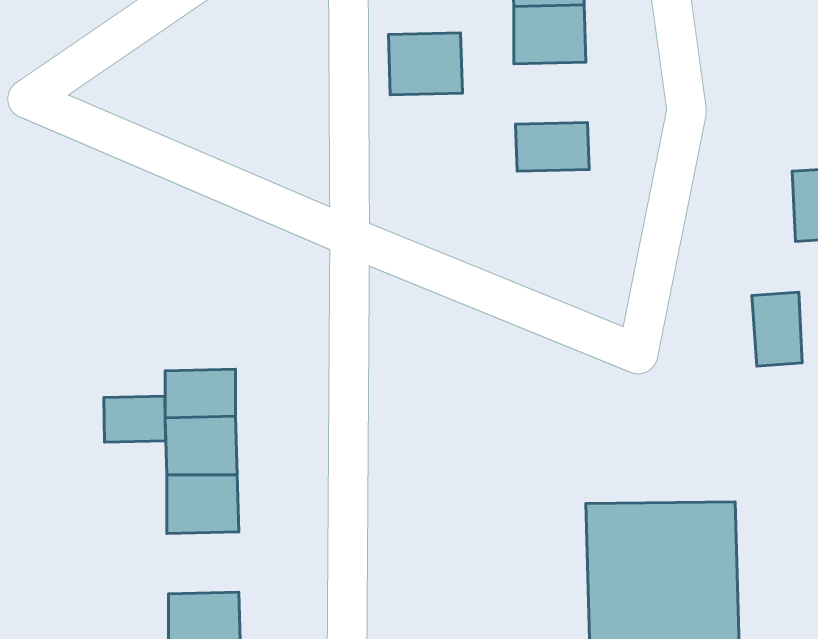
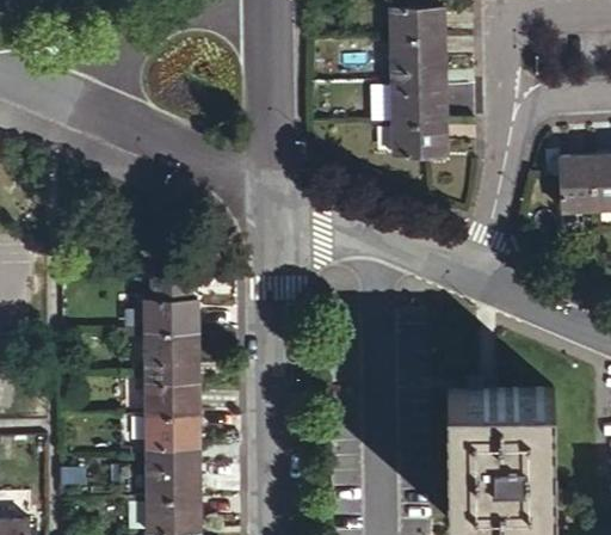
building: [389,33,462,95] -> [393,80,445,124]
building: [752,292,802,366] -> [557,158,593,210]
building: [104,396,166,442] -> none
building: none -> [146,414,197,459]

